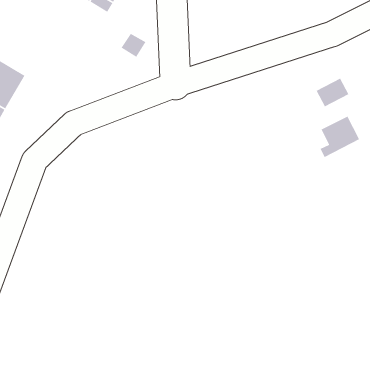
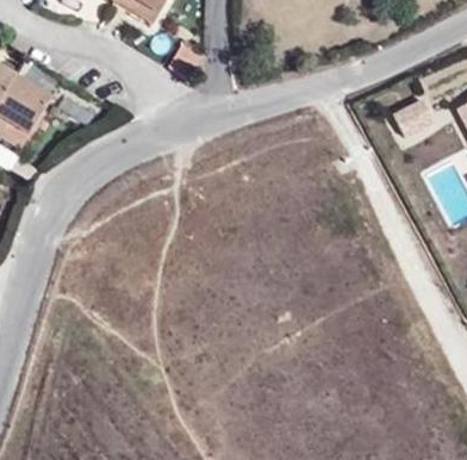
building: [319,115,360,158] -> none

